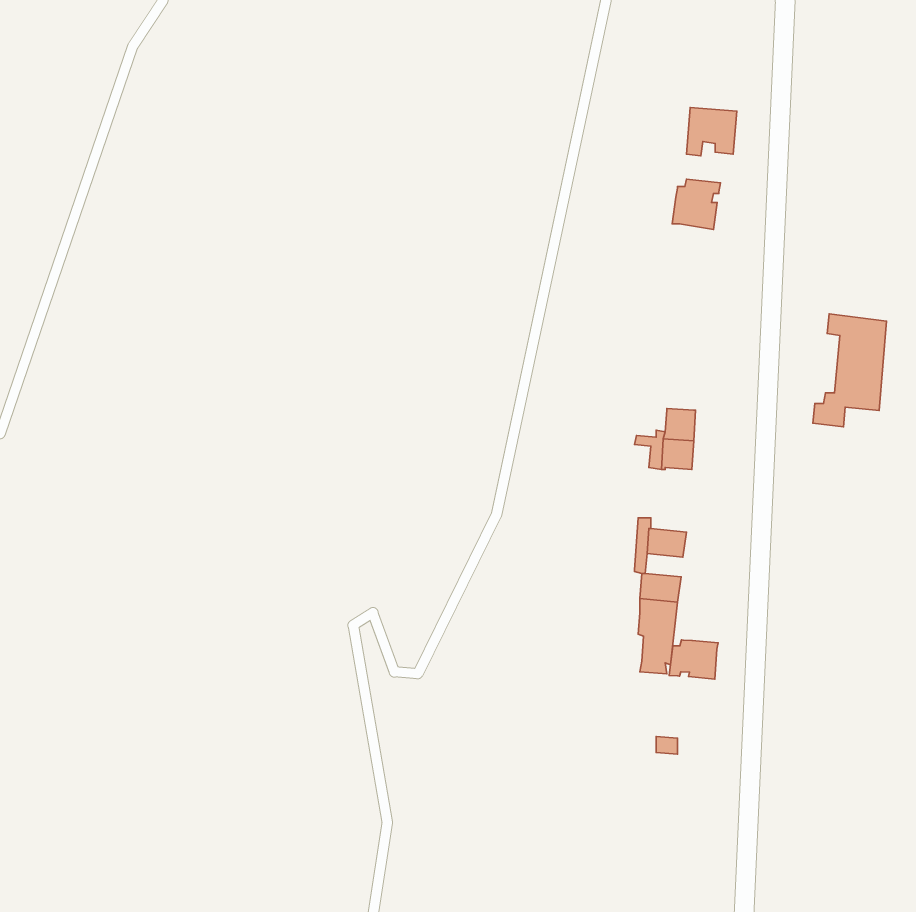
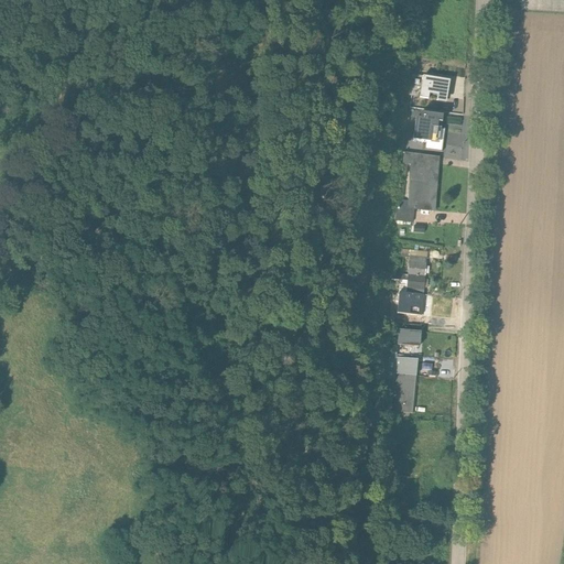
building: [813,314,886,427] -> [394,151,440,220]
building: none -> [397,290,425,313]
building: [669,640,718,679] -> none

